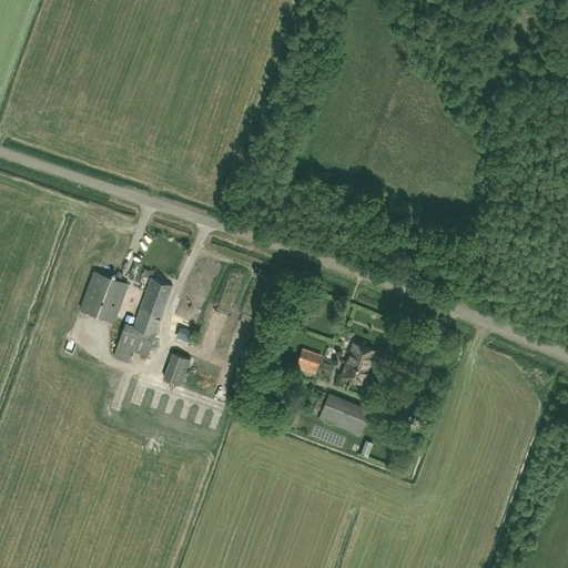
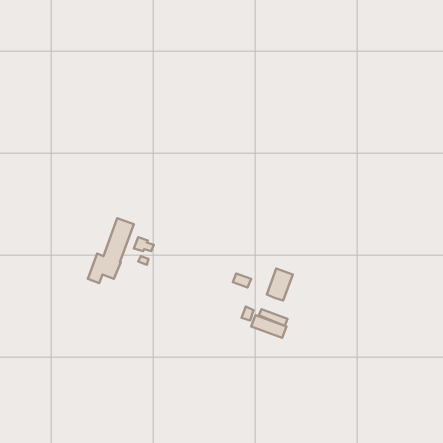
building: [79,272,128,323] -> none
building: [162,355,189,386] -> none

